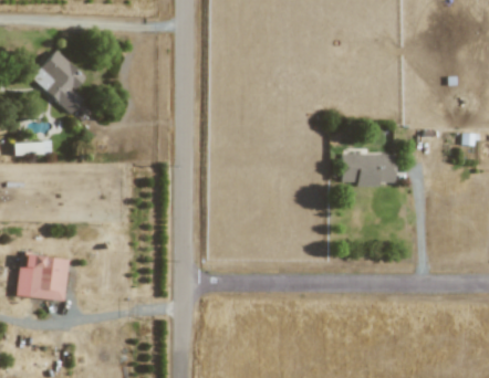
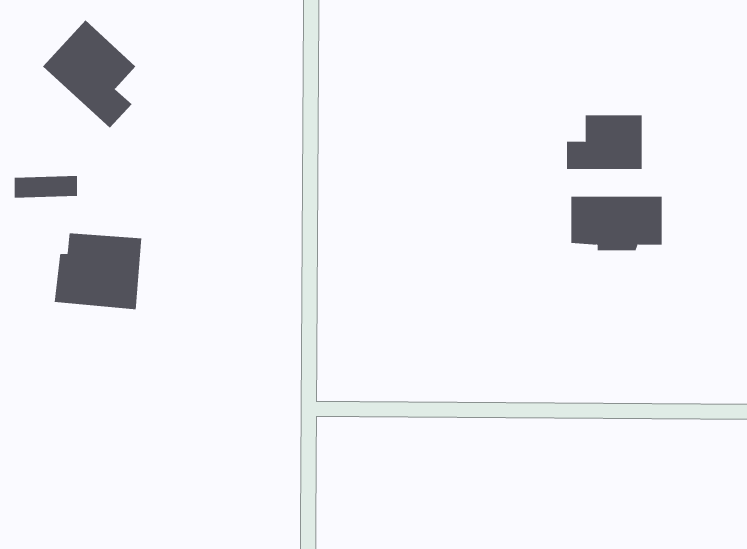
building: none -> [566,115,642,170]
building: [17,254,69,300] -> [54,233,142,310]

